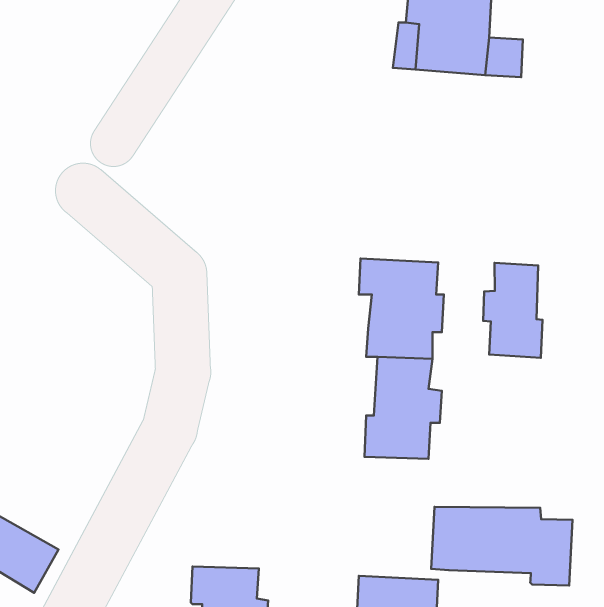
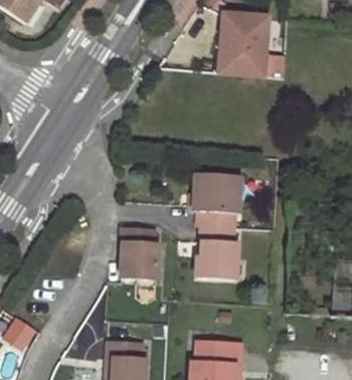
building: [483,263,543,358] -> none
building: none -> [124,226,159,279]
building: [431,507,573,586] -> none

